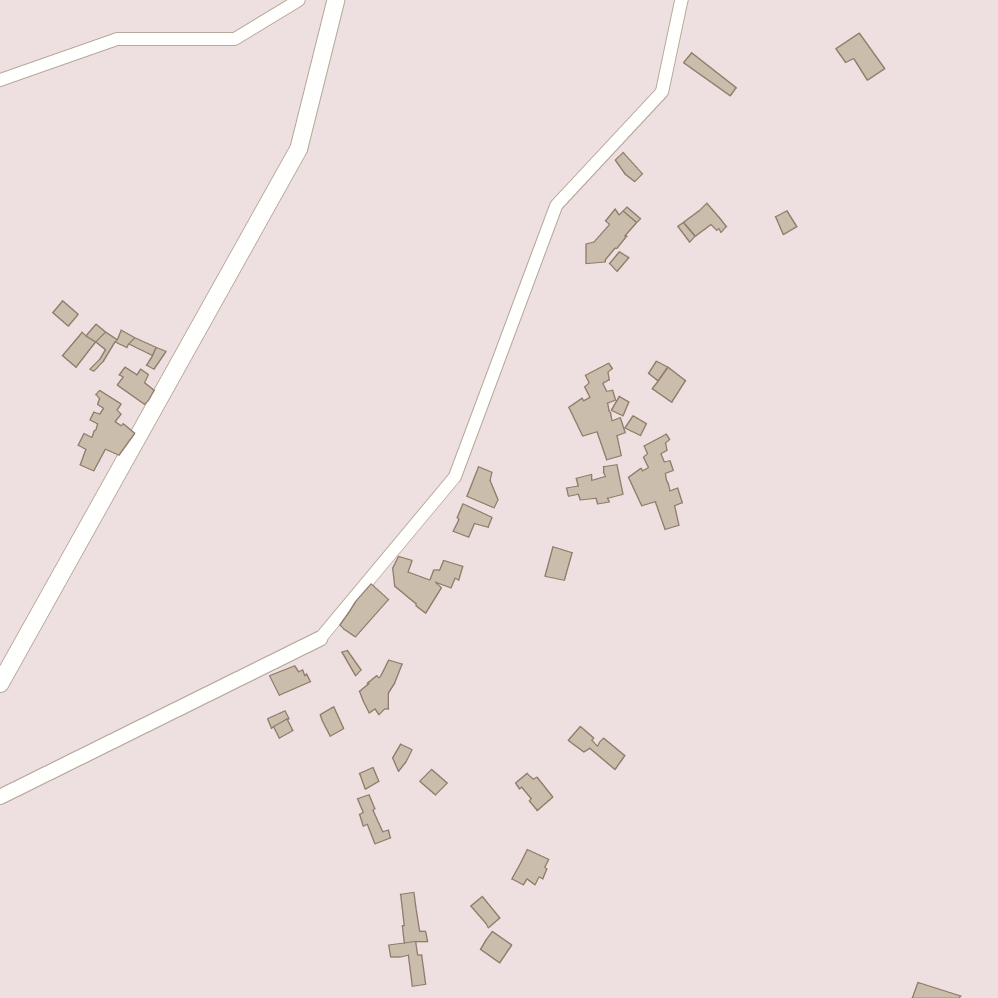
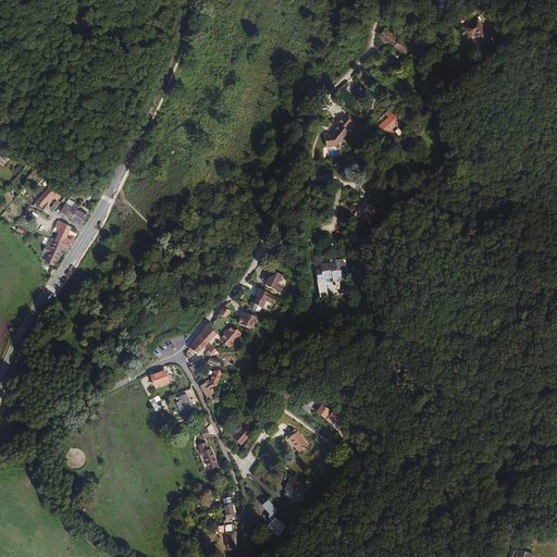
building: [569,363,625,460] -> none
building: [629,434,682,530] -> none

